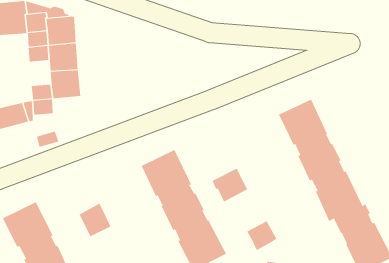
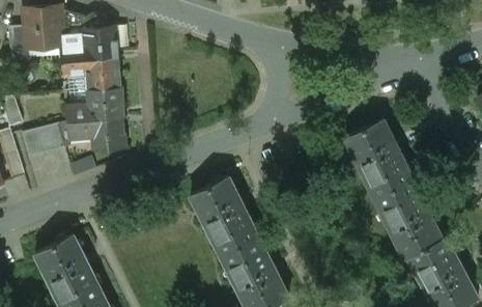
building: none -> [91,116,125,148]
building: [212,168,248,202] -> none
building: [79,203,111,237] -> none
building: [246,220,277,251] -> none

